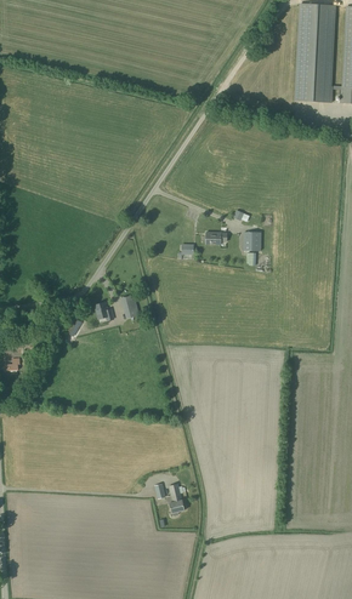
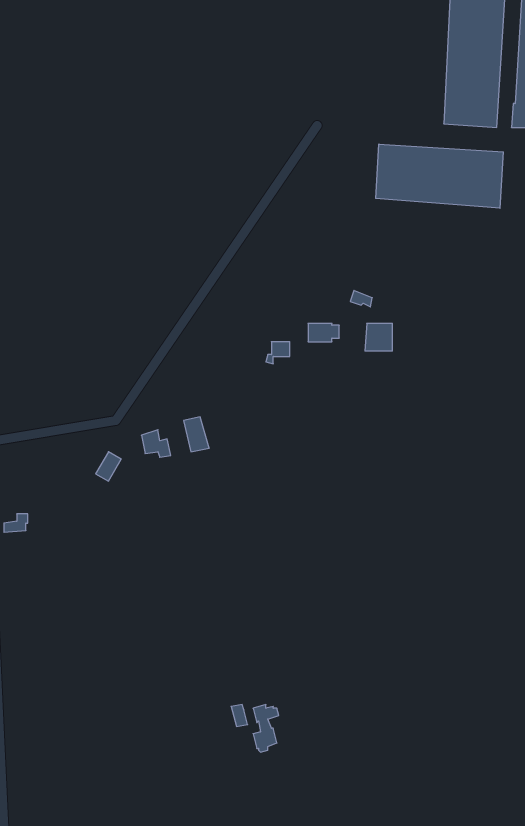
building: none -> [376,144,503,208]

